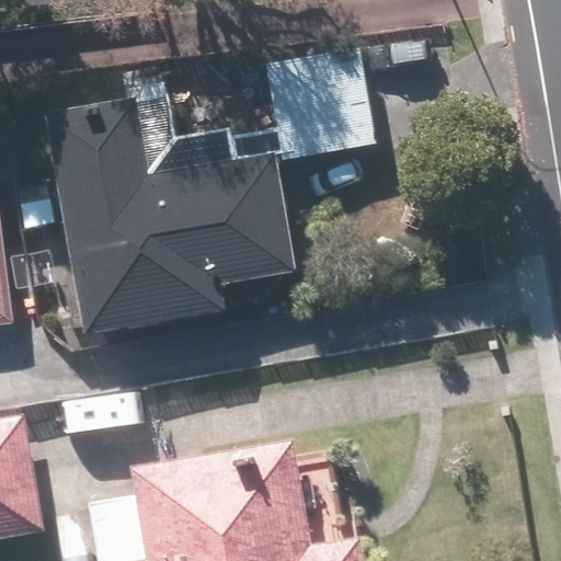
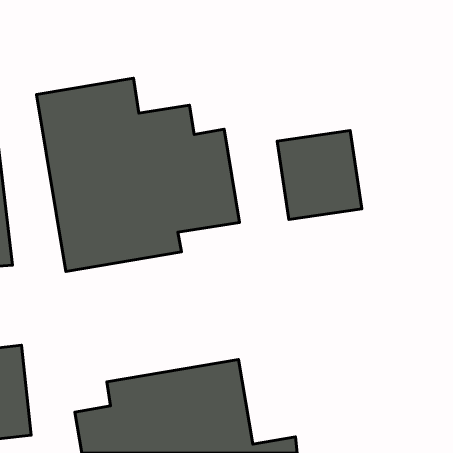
building: [266,53,370,162] -> [277,130,362,219]

